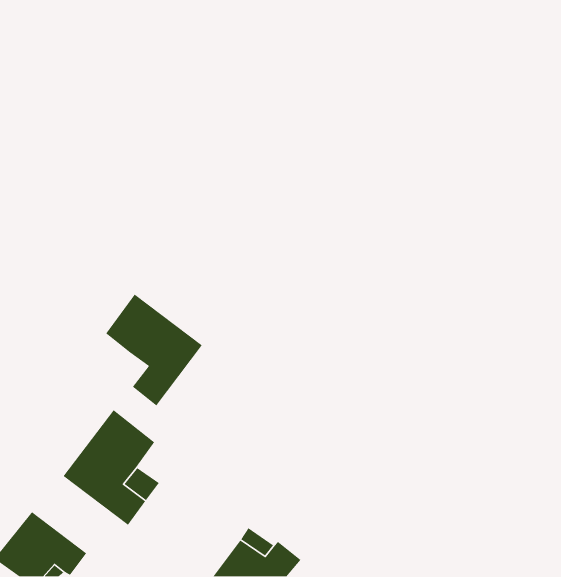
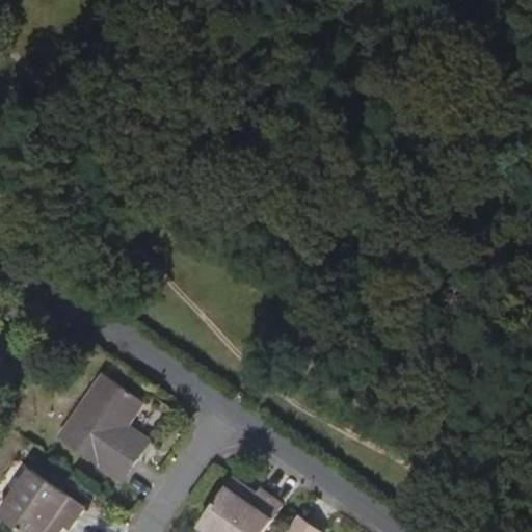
building: [105,294,203,406] -> none

